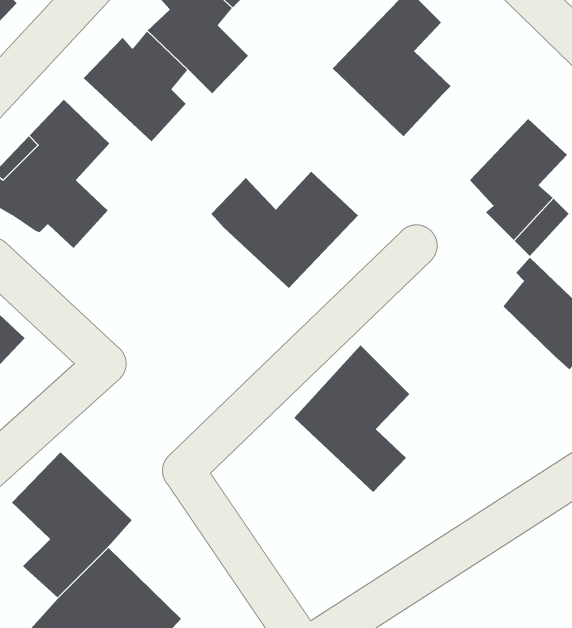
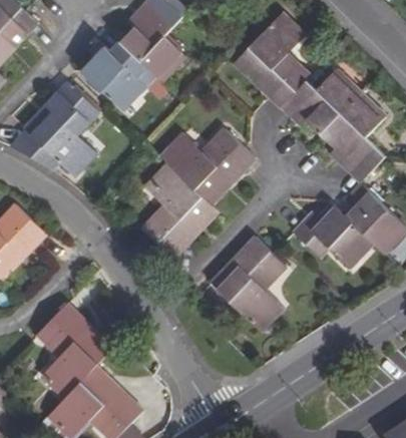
building: none -> [281,71,361,134]
building: none -> [141,164,218,257]
building: none -> [293,201,375,268]

